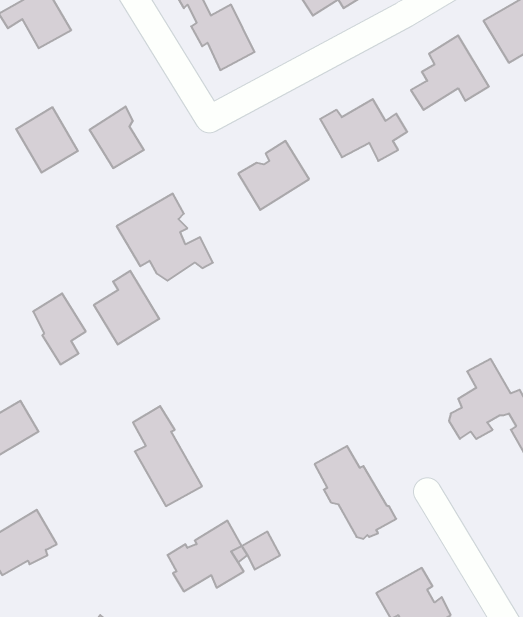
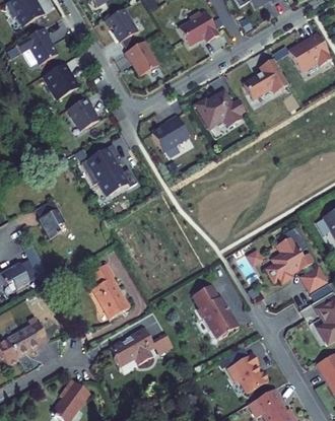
building: [16,107,78,173] -> [43,63,77,99]
building: [94,271,159,345] -> none

